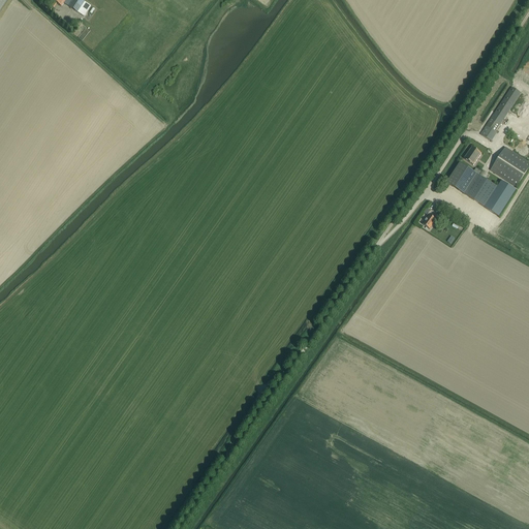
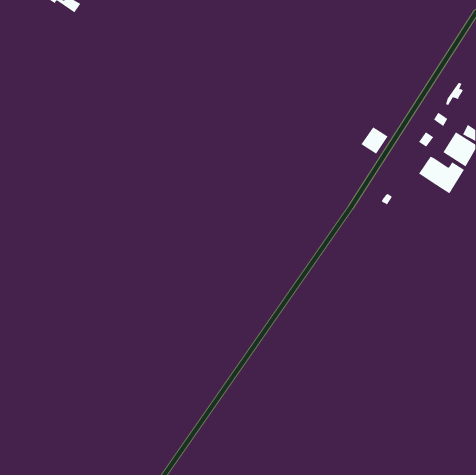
building: [445,161,476,192] -> [361,126,389,154]

